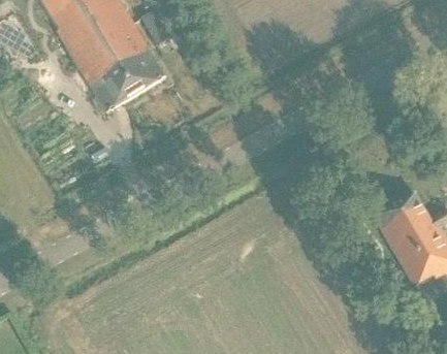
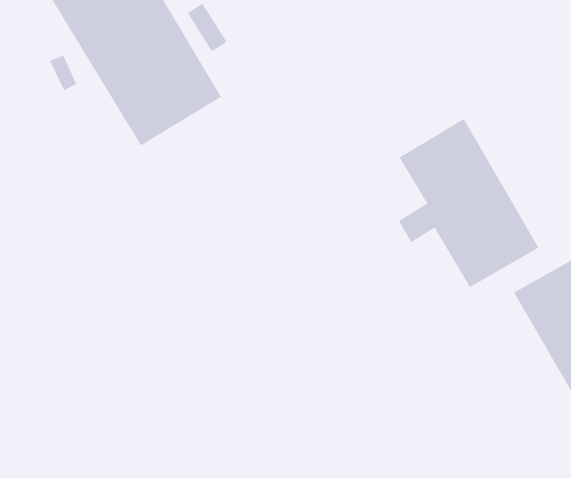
building: none -> [398,118,539,288]

